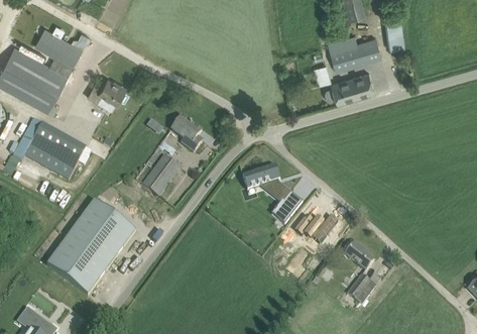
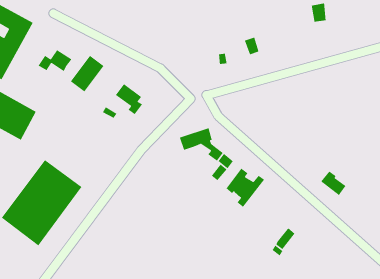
building: [328,34,381,71] -> none
building: [326,72,374,102] -> none
building: [142,154,181,196] -> [70,55,105,93]
building: [345,241,374,269] -> [320,170,347,196]

